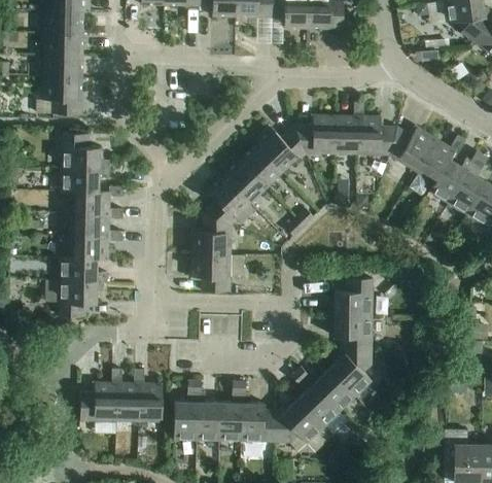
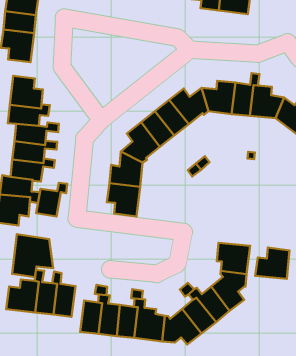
building: none -> [36,183,67,217]
building: [335,278,374,314] -> [255,248,289,279]
building: none -> [12,234,53,277]

